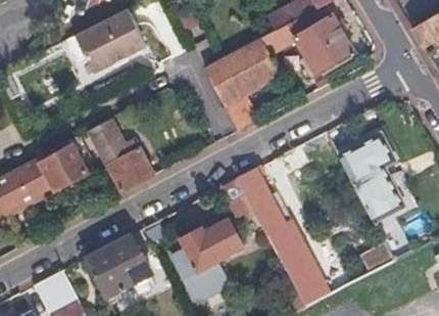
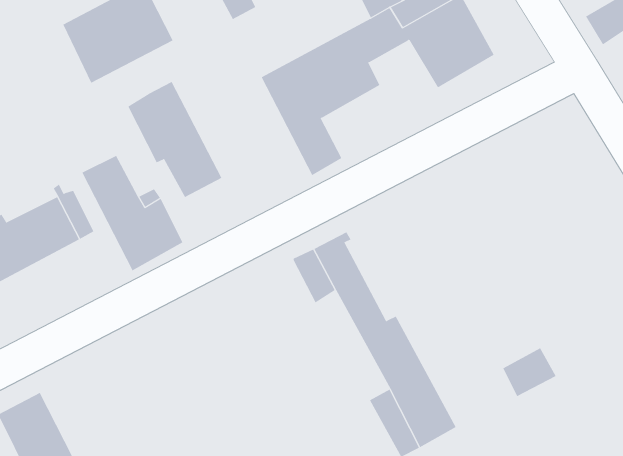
building: none -> [128,81,222,198]
building: [338,135,401,222] -> none
building: [170,220,242,299] -> none
building: [85,235,151,297] -> none

